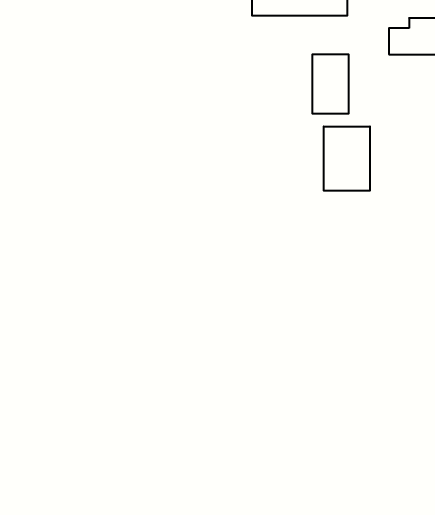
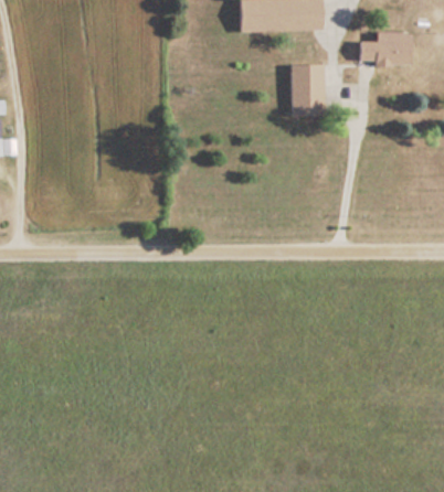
building: [324,126,370,191] -> none

